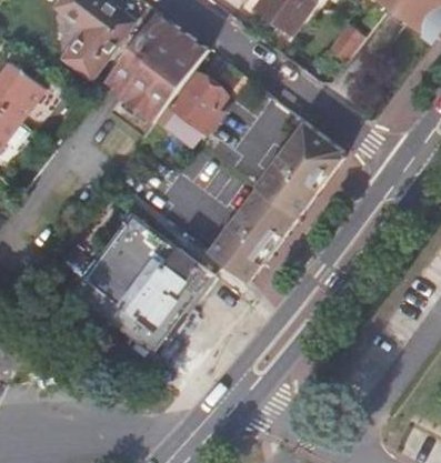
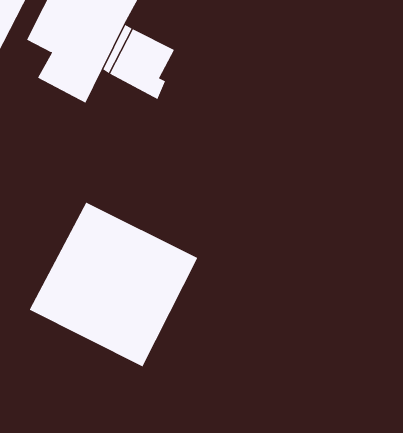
building: [206,122,344,282] -> none

